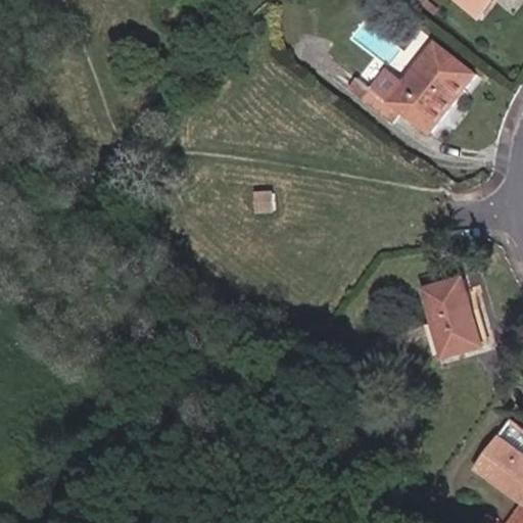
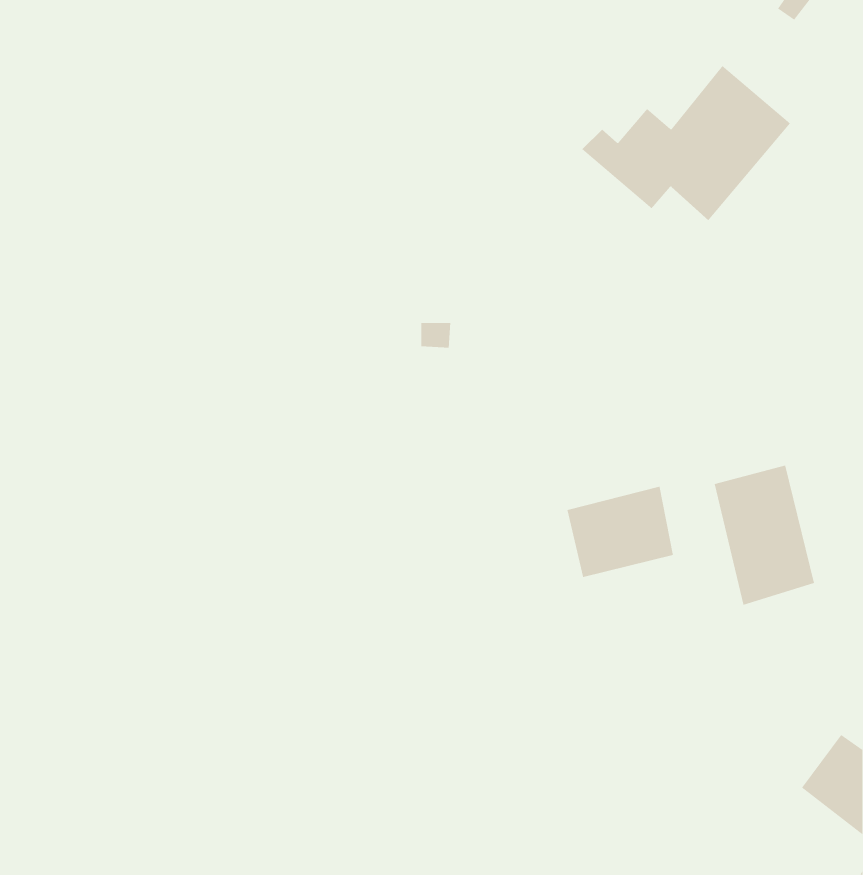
building: none -> [567,486,674,578]

